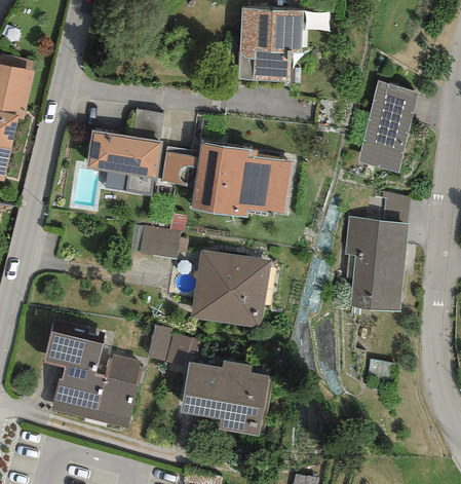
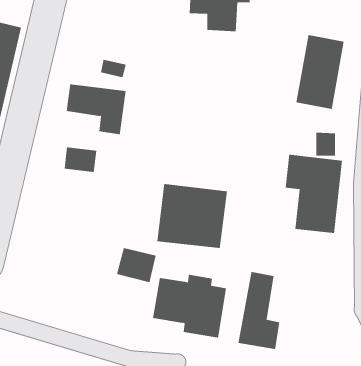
building: [195,139,294,215] -> none
building: [157,150,193,187] -> none
building: [140,229,179,259] -> [64,147,97,172]
building: [45,322,140,427] -> none
building: none -> [238,271,280,350]

